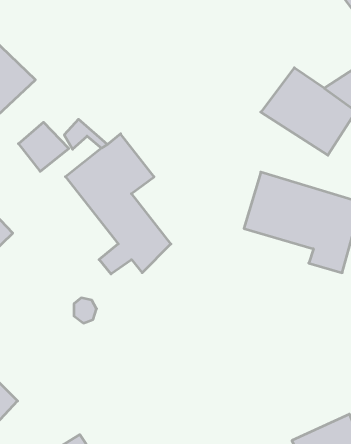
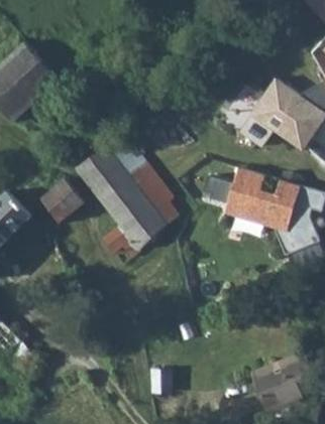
building: [18,122,69,171] -> [43,179,86,221]
building: none -> [132,168,183,225]

